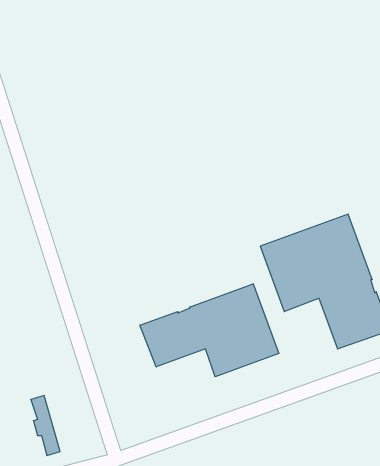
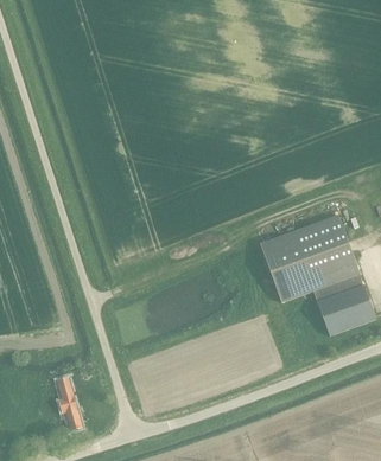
building: [140,284,279,377] -> none

